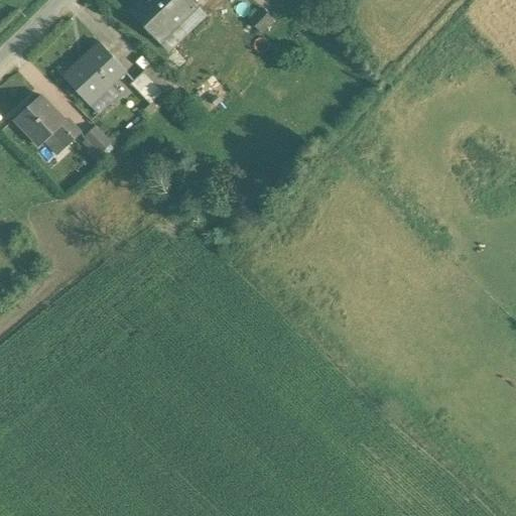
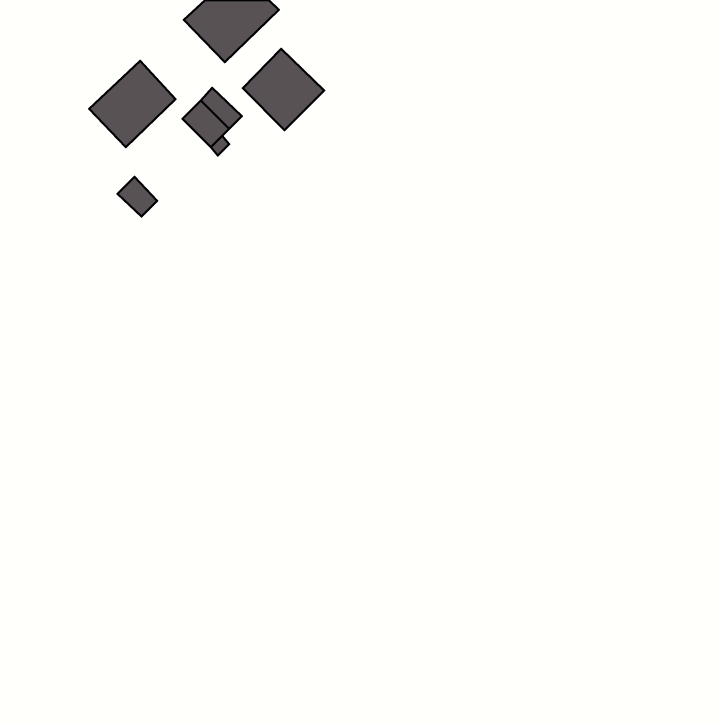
building: none -> [243,49,324,130]
building: [15,96,81,146] -> none

